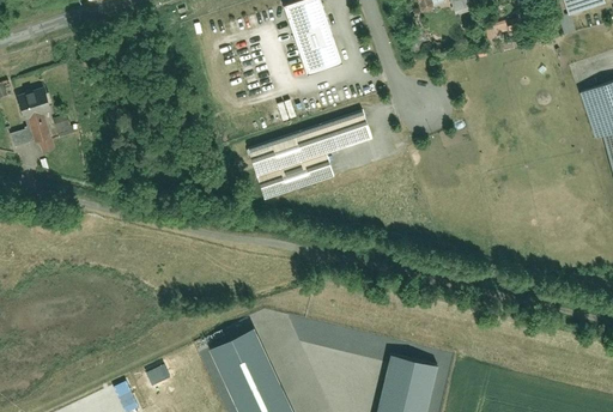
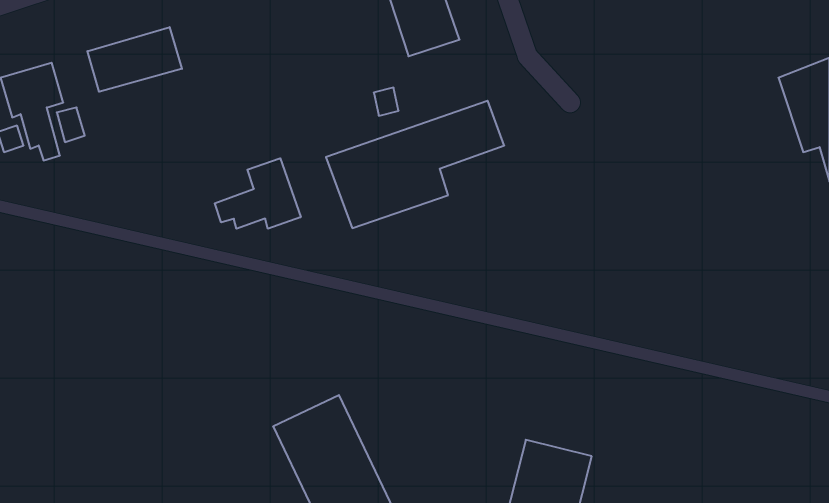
building: none -> [87,27,182,92]
building: none -> [215,158,301,229]

